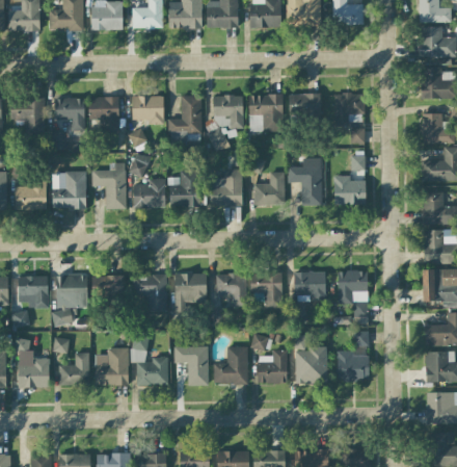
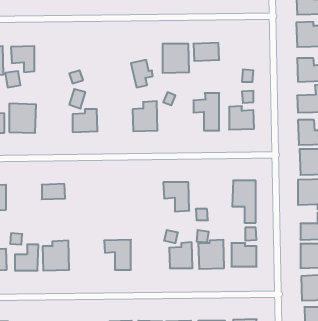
building: [331,93,364,126] -> none
building: [212,94,243,127] -> none
building: [132,95,163,123] -> none
building: [167,95,200,140] -> none
building: [88,96,119,133] -> none
building: [91,162,126,208] -> none
building: [168,168,200,206] -> none
building: [253,171,285,204] -> none
building: [293,270,325,299] -> none
building: [215,271,247,306] -> none
building: [174,273,206,311] -> none
building: [52,274,87,323] -> none
building: [133,274,167,310] -> none
building: [132,335,168,384] -> none
building: [213,345,247,383] -> none

